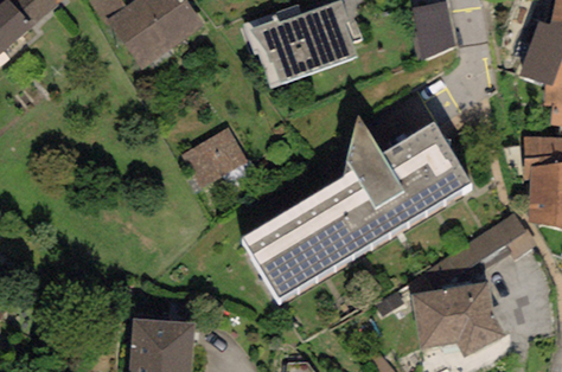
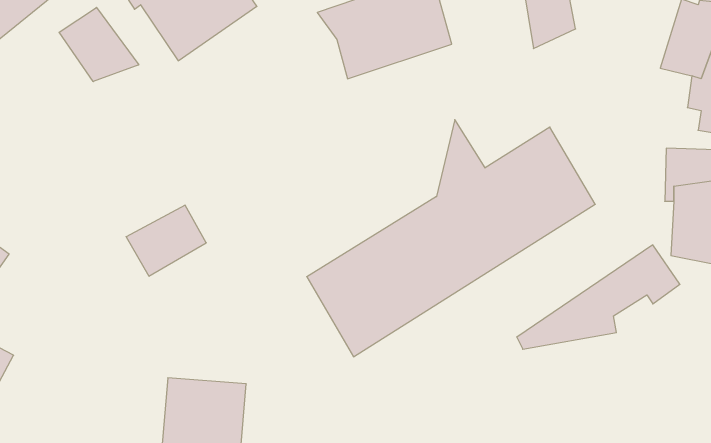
building: none -> [59,7,139,82]
building: [183,129,245,185] -> [126,205,206,276]
building: [413,282,505,360] -> none

